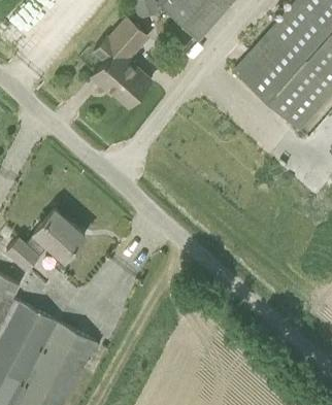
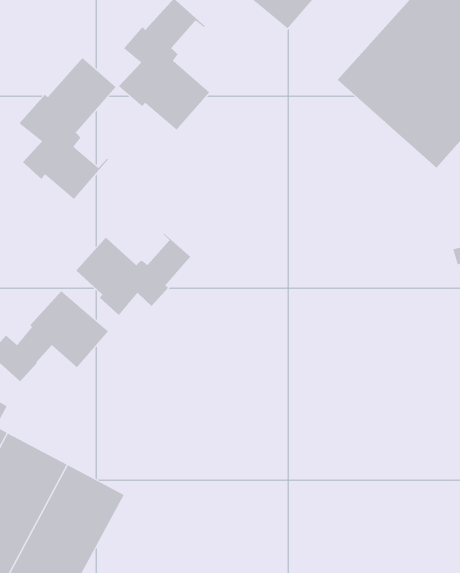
building: none -> [19,57,116,200]
building: none -> [76,233,191,316]

